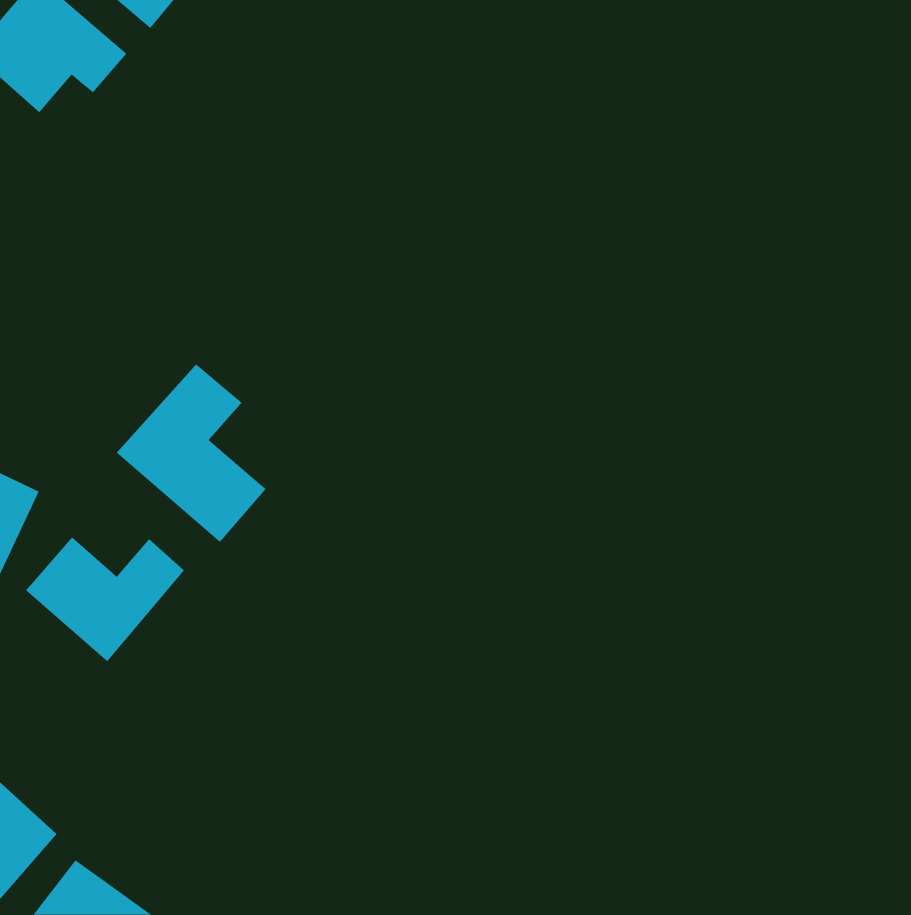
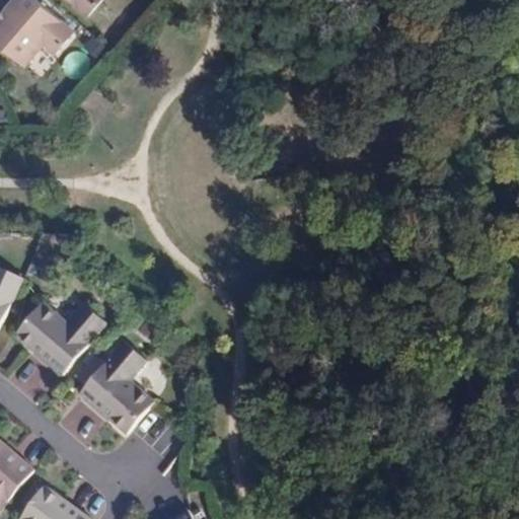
building: [116,363,267,543] -> none
building: none -> [80,343,152,435]

